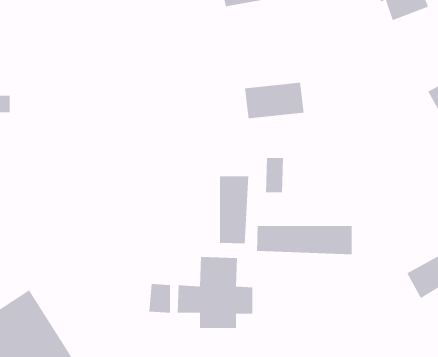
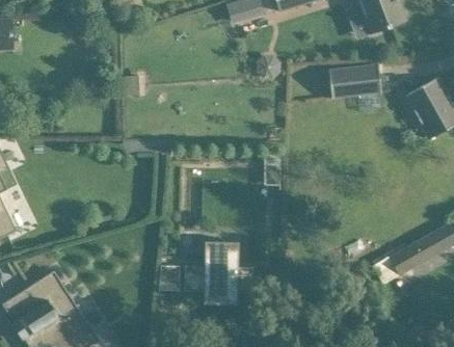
building: [244,82,304,119] -> [327,65,380,98]
building: [220,175,249,244] -> none
building: [257,225,352,255] -> none

